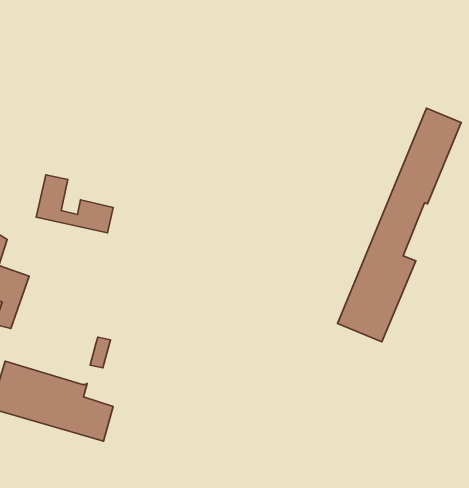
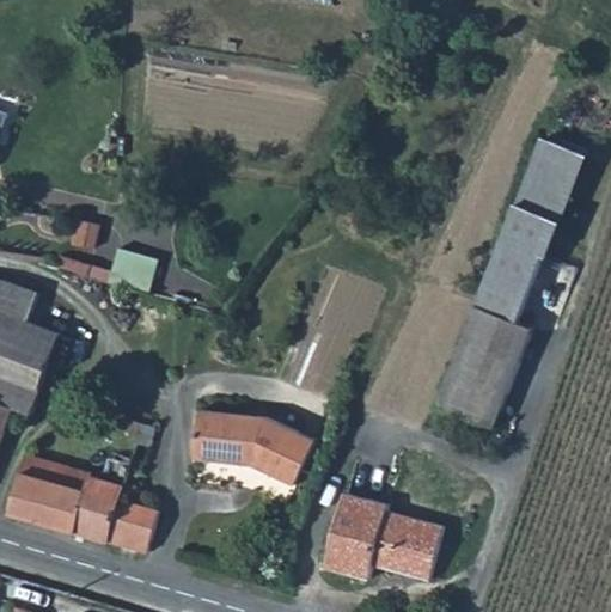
building: none -> [191,408,308,483]
building: none -> [322,496,439,582]

